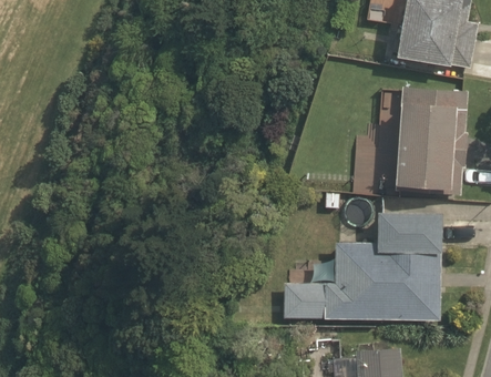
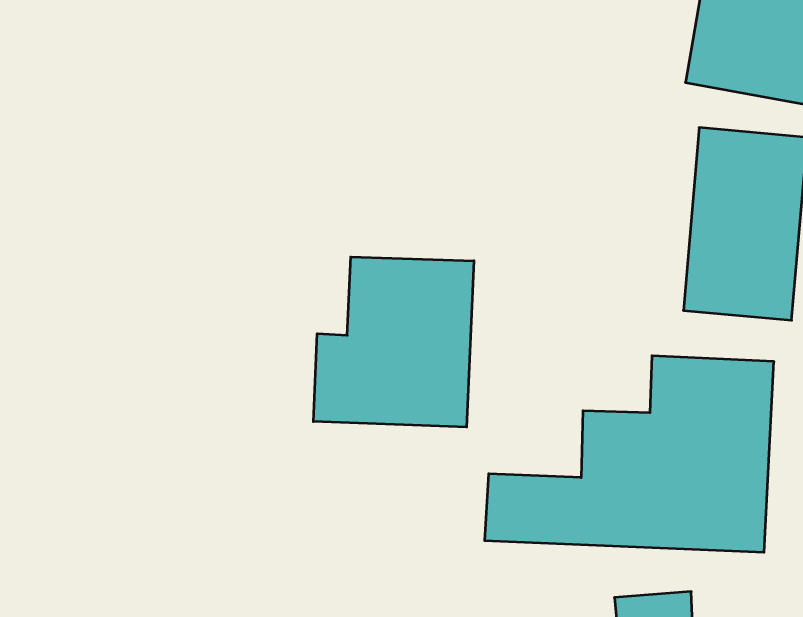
building: none -> [313,257,474,427]

